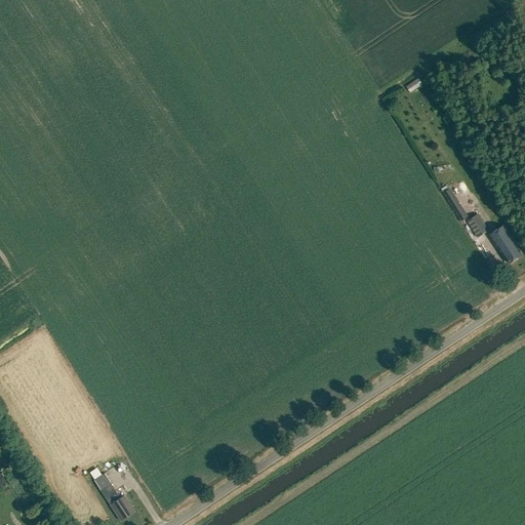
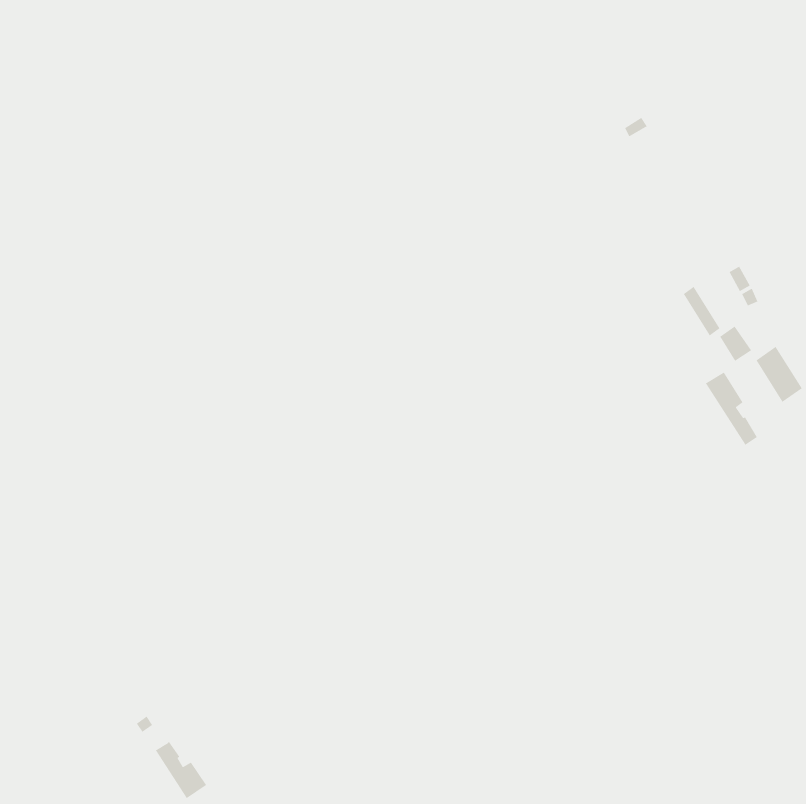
building: none -> [705,372,758,446]

